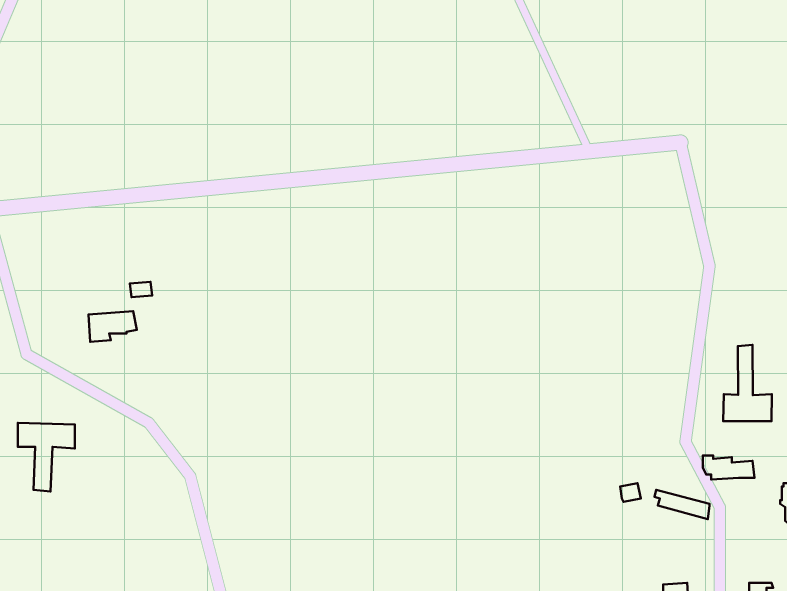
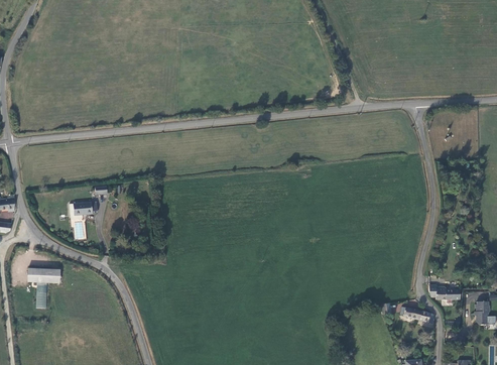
building: [723,345,772,421] -> none

